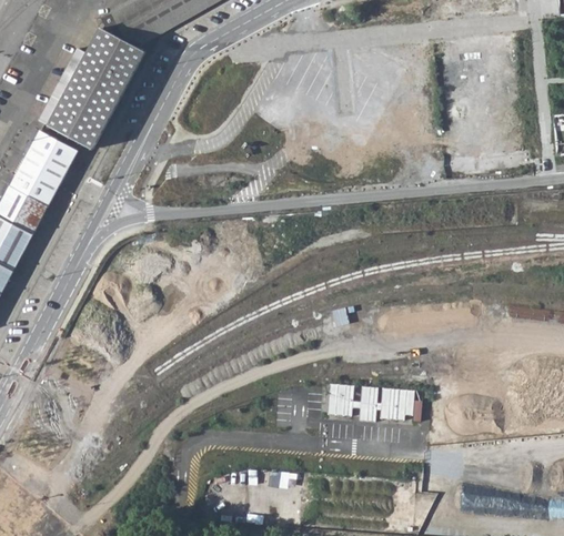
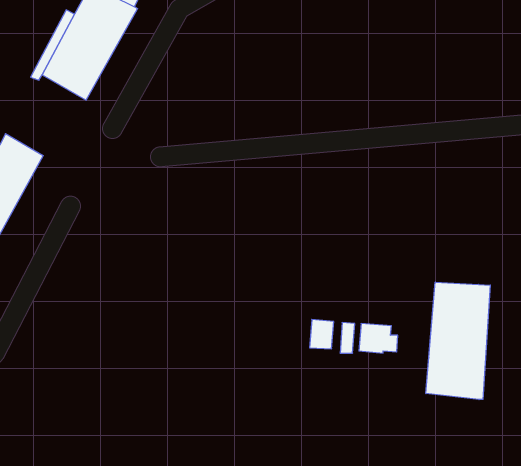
building: [8,129,78,206] -> none
building: none -> [426,282,490,400]

